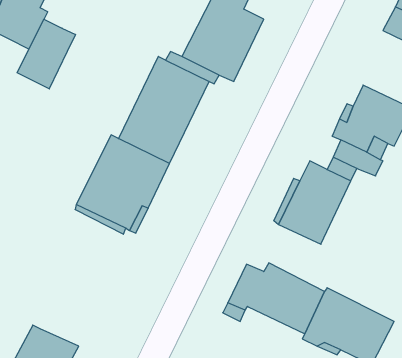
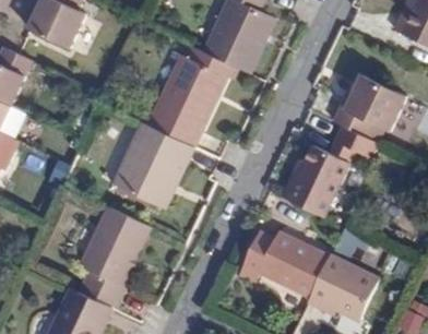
building: [17,19,75,89] -> none
building: none -> [78,205,148,309]

